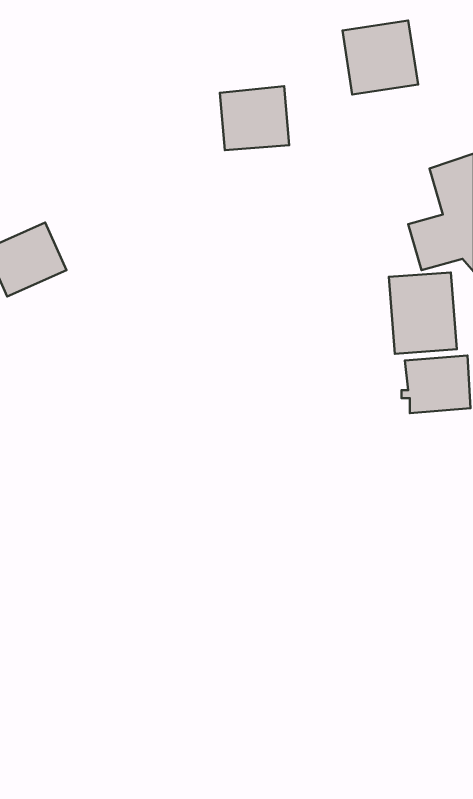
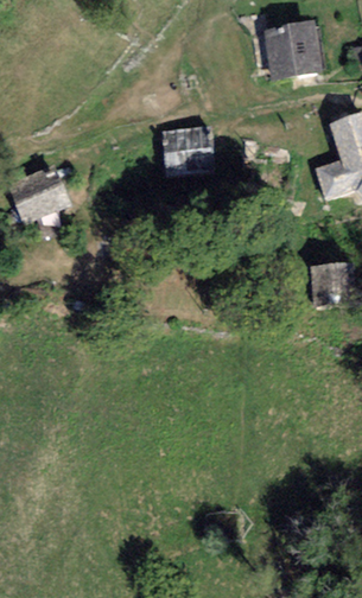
building: [220,86,289,150] -> [163,126,212,172]
building: [389,272,457,354] -> none

